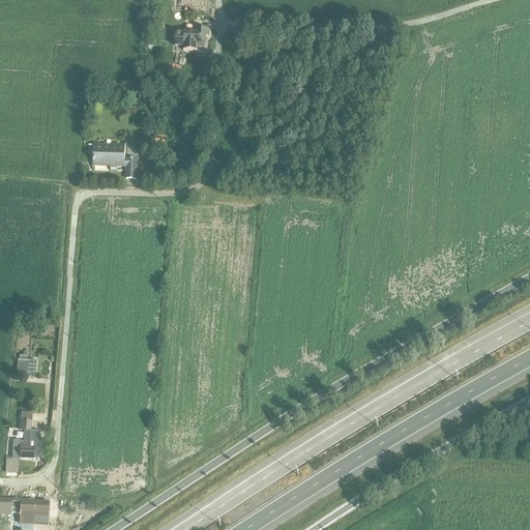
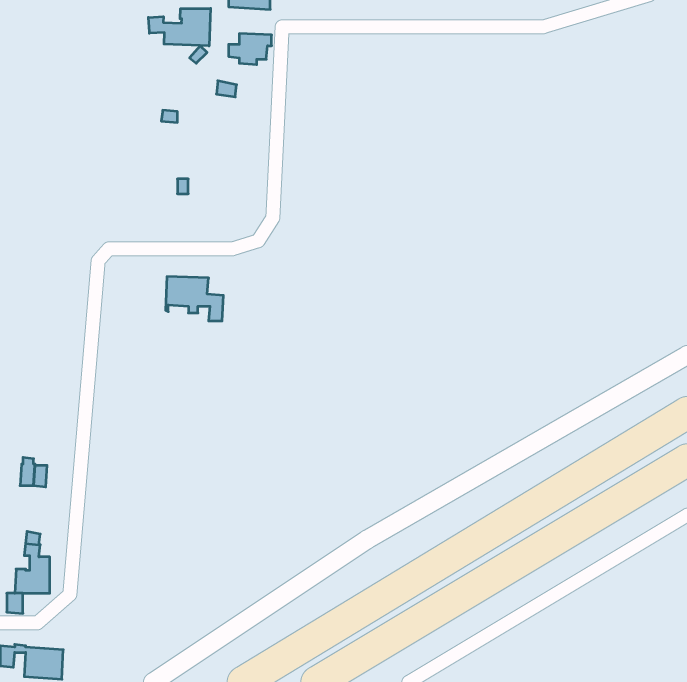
building: none -> [148,8,211,46]
building: [93,143,138,177] -> [166,277,223,321]

